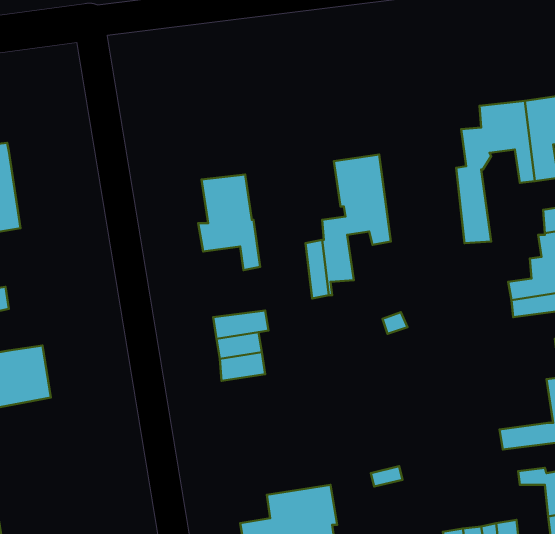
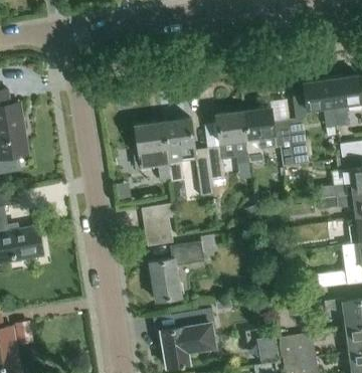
building: none -> [242,107,294,166]
building: none -> [162,119,196,182]
building: none -> [149,235,216,302]

